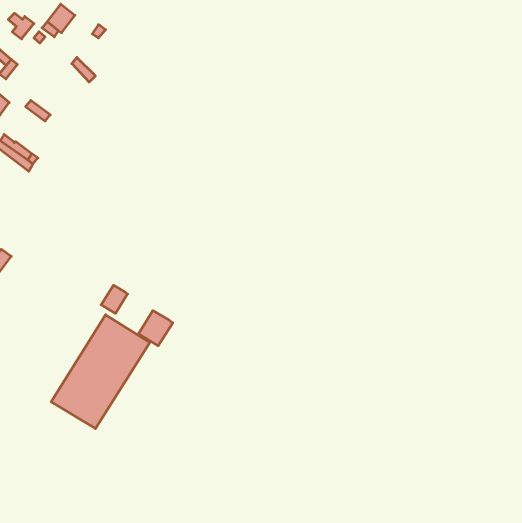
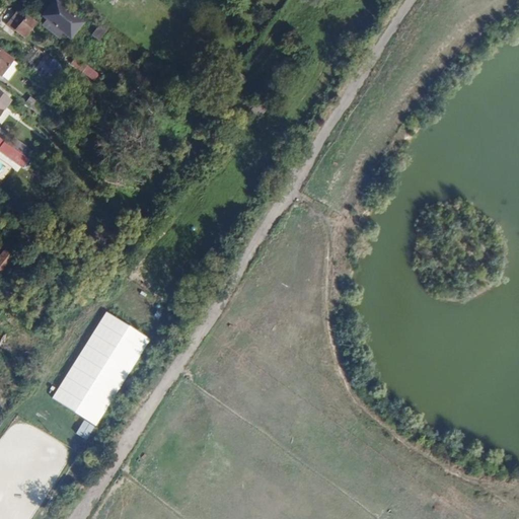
building: [101,285,128,313] -> none
building: [138,311,173,346] -> none

